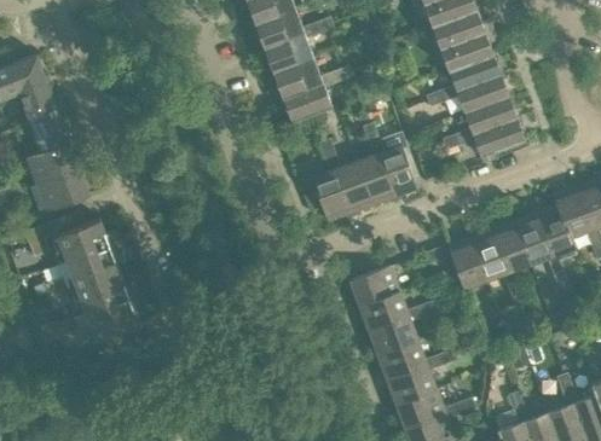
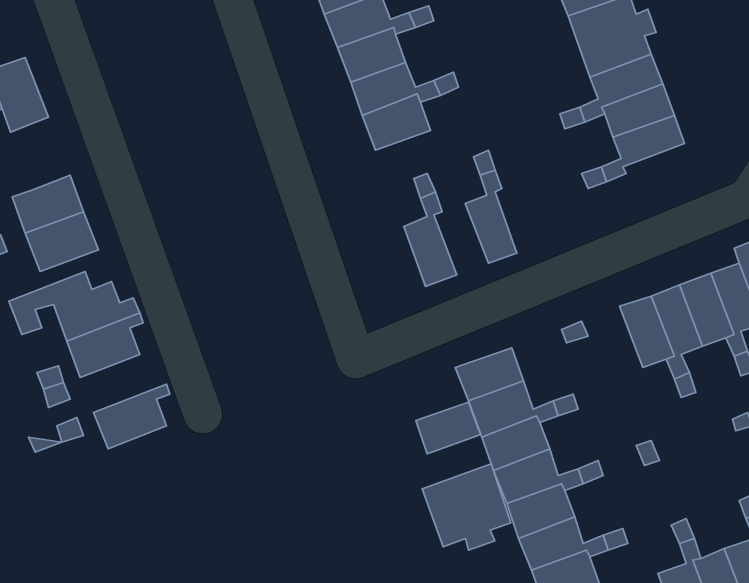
building: [25,99,69,152] -> none
building: [472,118,525,158] -> none
building: [378,145,417,198] -> none
building: [334,162,374,214] -> none
building: [447,237,486,290] -> none
building: [76,272,139,314] -> none
building: none -> [416,402,481,454]
building: none -> [422,464,511,550]

